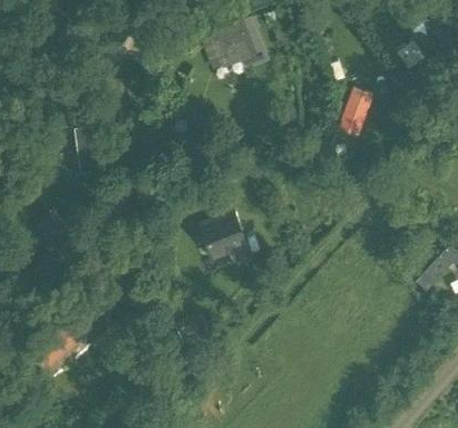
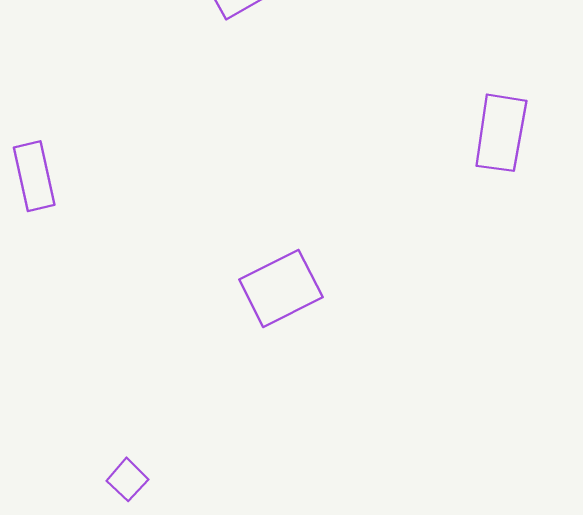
building: [338,86,374,135] -> [476,94,527,171]

